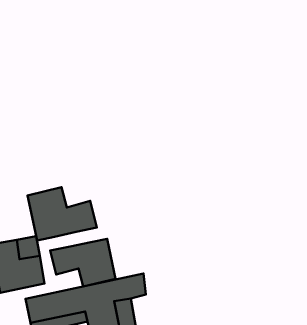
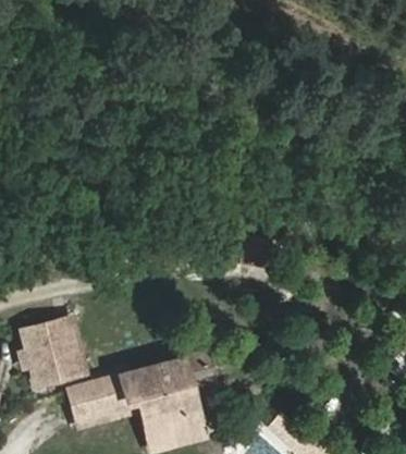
building: [27,187,97,241] -> none
building: [50,239,115,286] -> none

